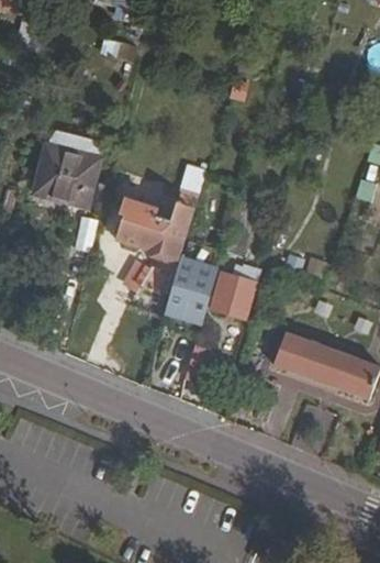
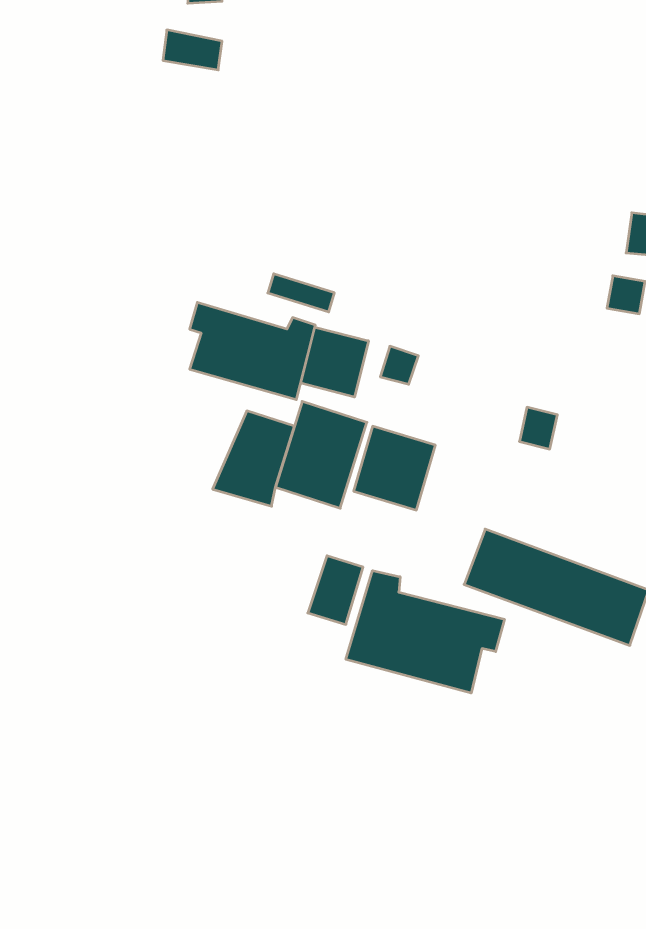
building: [35,145,100,207] -> none
building: none -> [301,327,368,397]
building: none -> [346,571,504,693]

